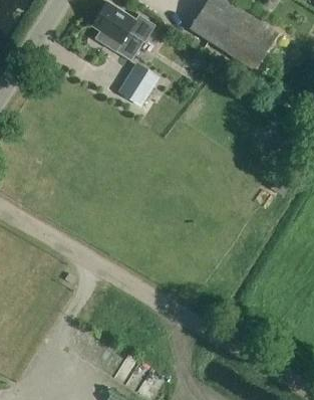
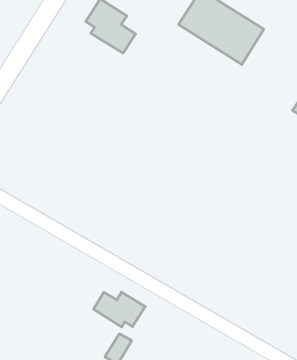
building: [113,62,158,115] -> none
building: none -> [94,292,145,327]

